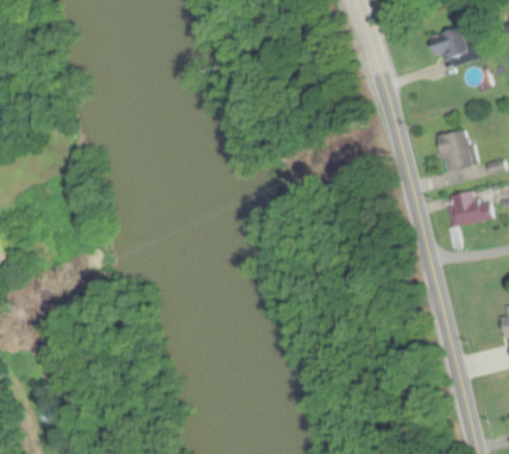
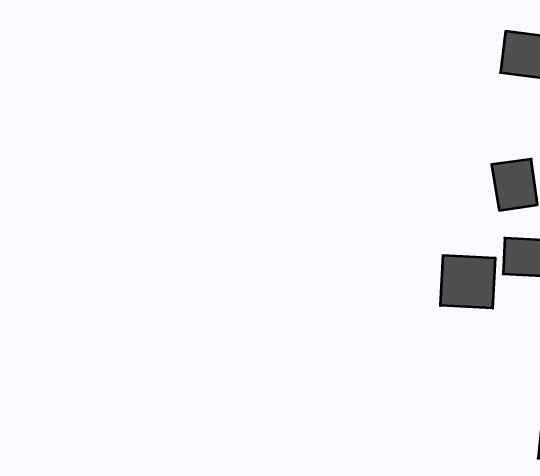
building: none -> [440,255,495,308]

